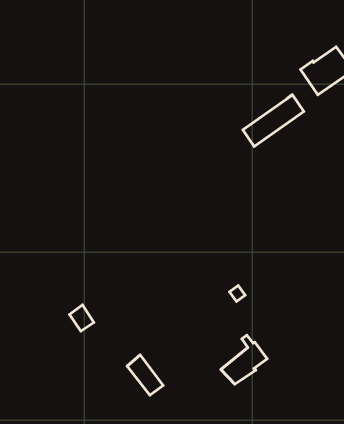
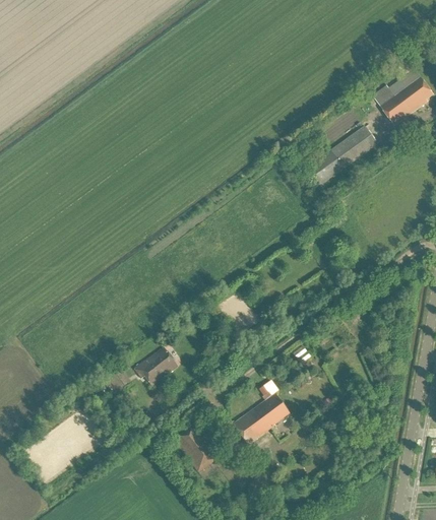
building: none -> [133,348,178,385]
building: [221,335,267,384] -> [235,385,289,442]

